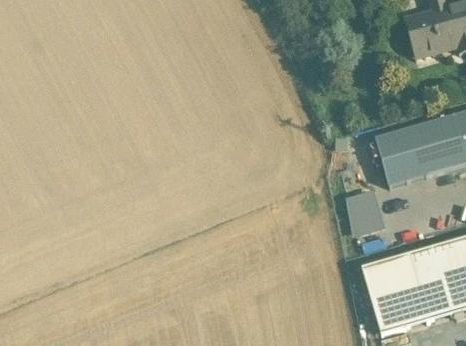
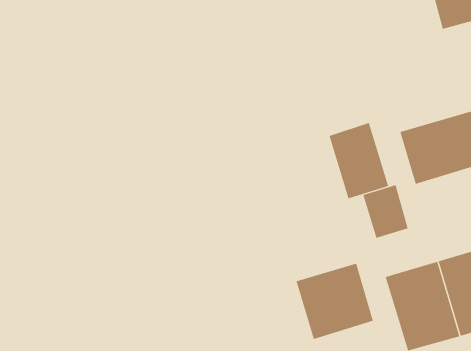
building: none -> [329,122,389,199]
building: none -> [296,263,374,340]

